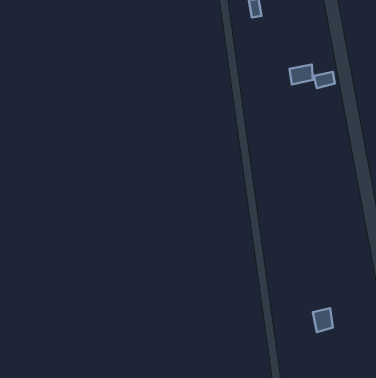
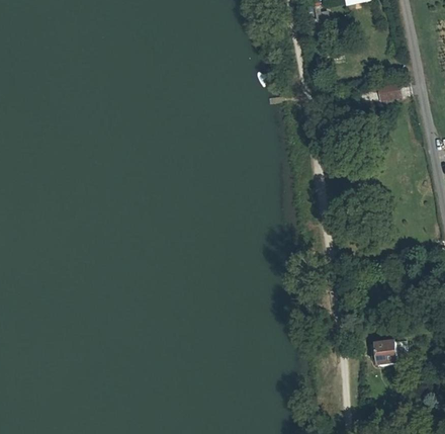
building: [289,64,313,85] -> none

